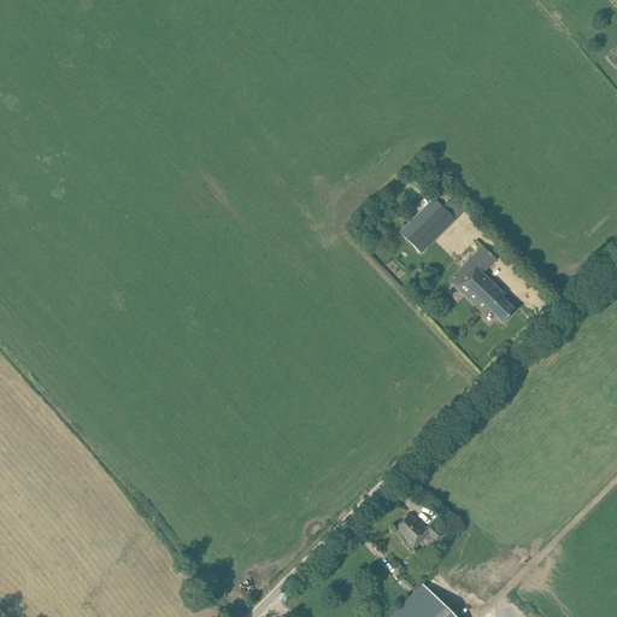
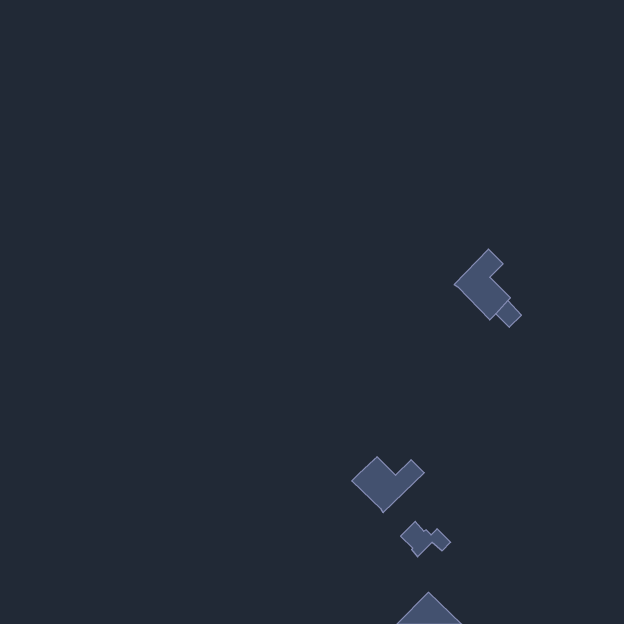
building: [399,198,456,254] -> none
building: none -> [352,457,424,513]

